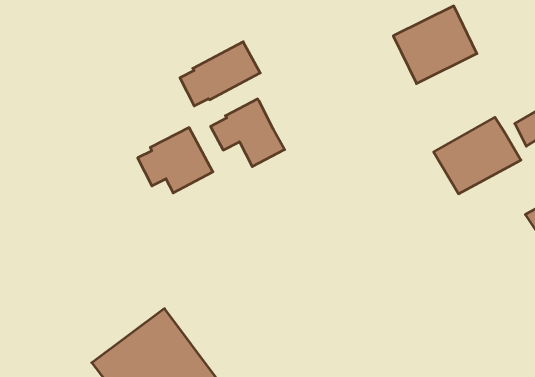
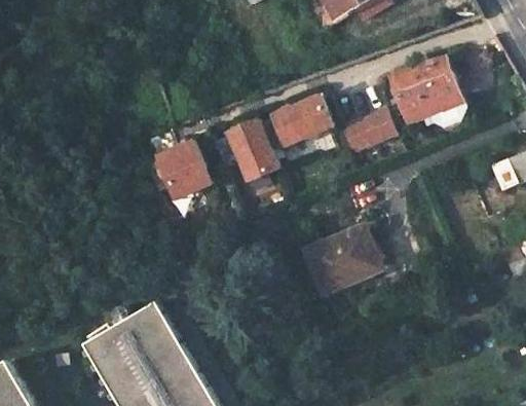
building: [180,42,260,106] -> [260,97,333,150]
building: none -> [341,109,393,151]
building: [434,117,521,194] -> [310,223,388,289]

